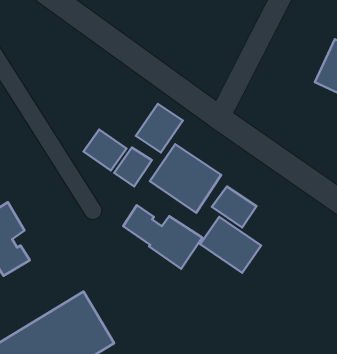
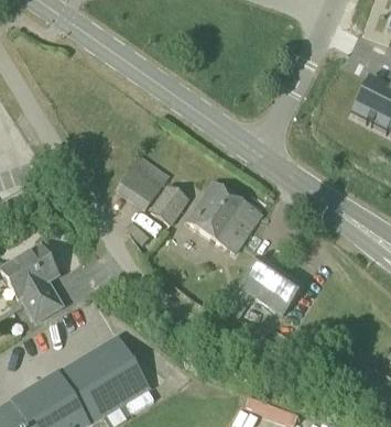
building: [136,104,183,153] -> none
building: [212,187,257,227] -> none
building: [123,205,202,269] -> none

